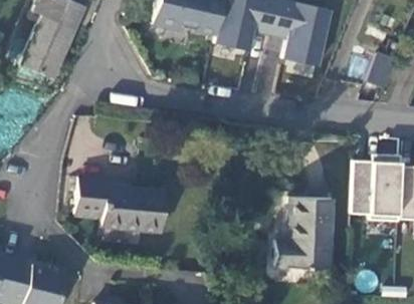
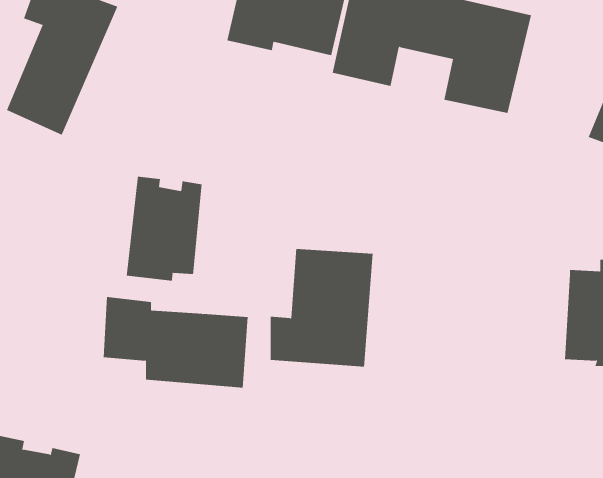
building: none -> [126,176,202,281]
building: [273,198,335,268] -> [270,248,373,367]

